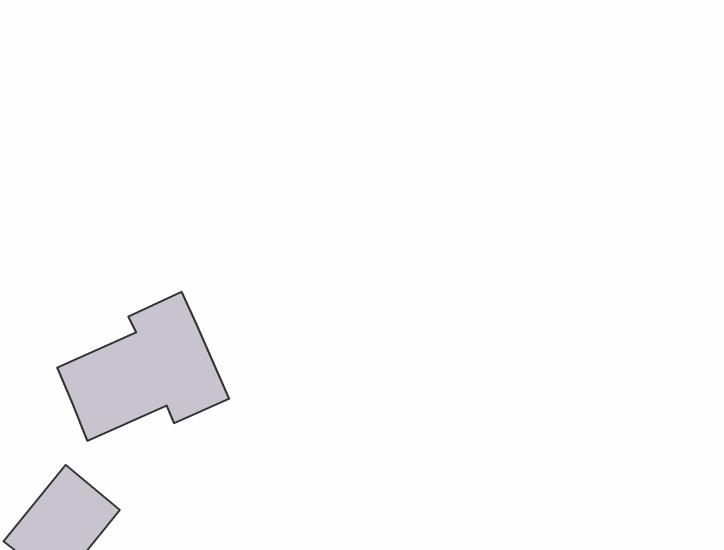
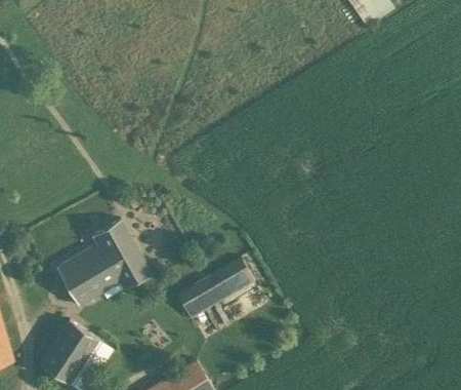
building: none -> [176,258,254,319]

